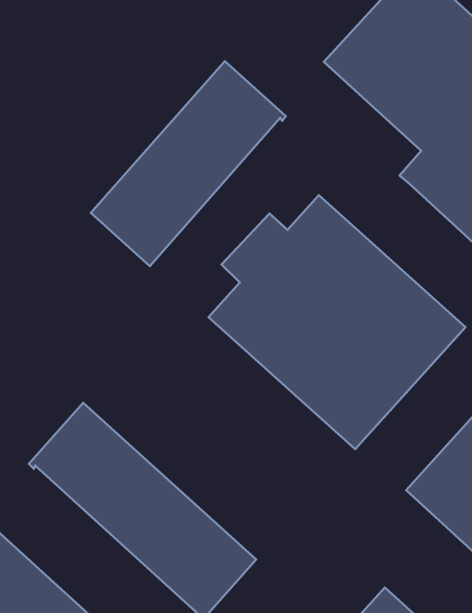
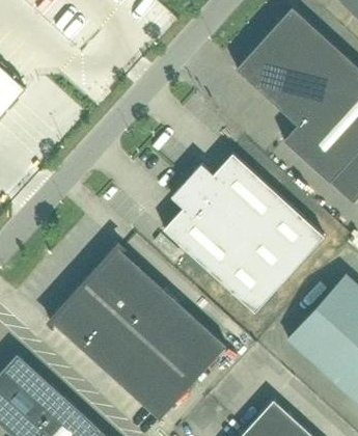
building: [91,61,286,266] -> none
building: none -> [84,246,226,383]

